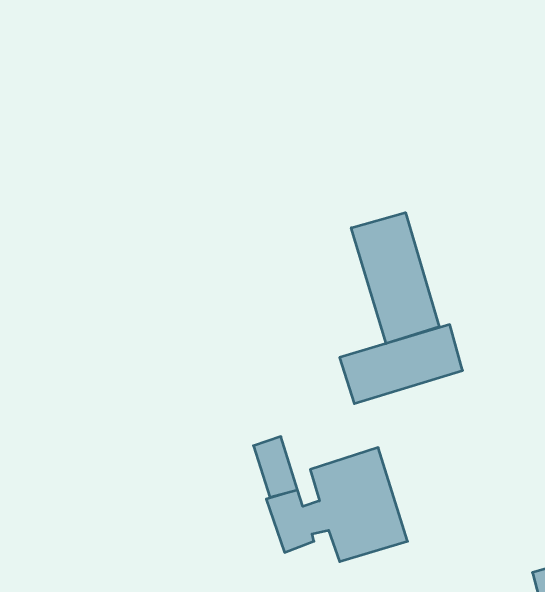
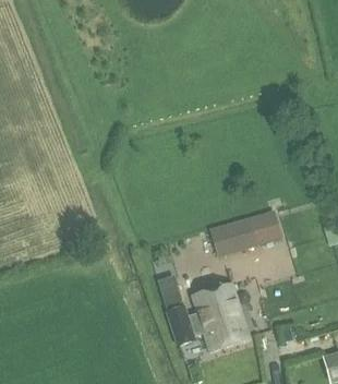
building: [351,213,439,344] -> none

